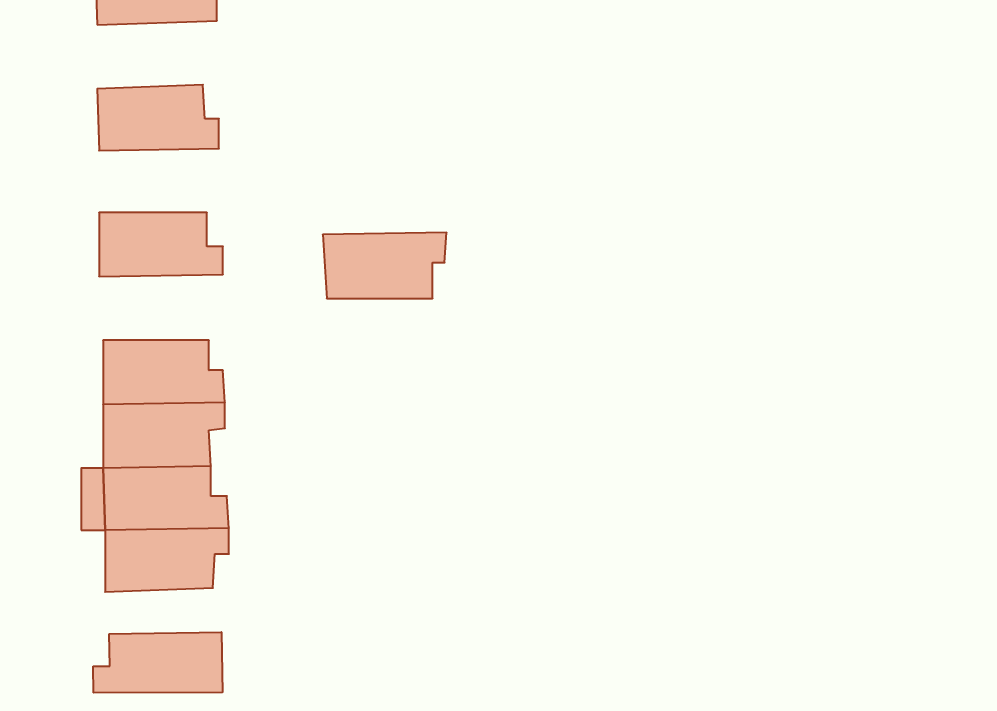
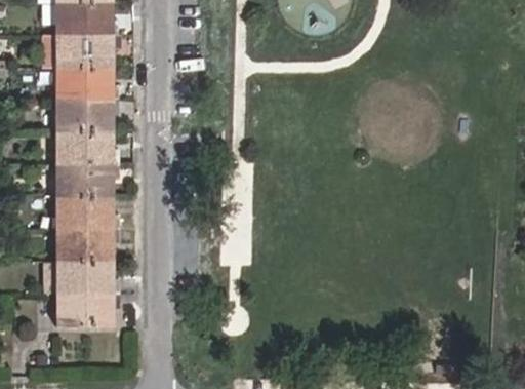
building: none -> [53,30,115,65]
building: none -> [54,95,116,128]
building: [323,233,447,298] -> [54,160,118,194]
building: [93,632,222,693] -> none

